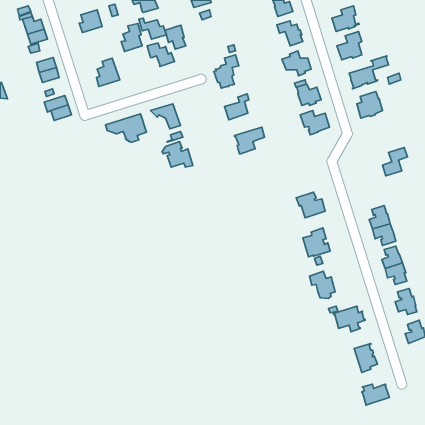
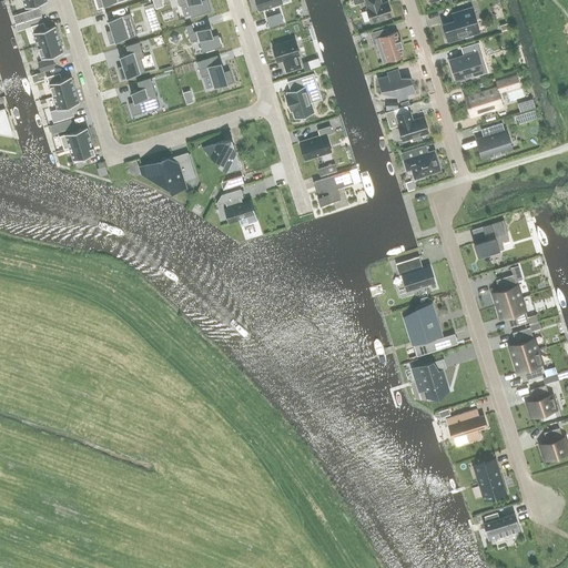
building: [121,23,142,52] -> [116,42,144,80]
building: [165,25,186,49] -> [273,39,301,71]
building: [383,148,408,176] -> [474,220,507,257]

